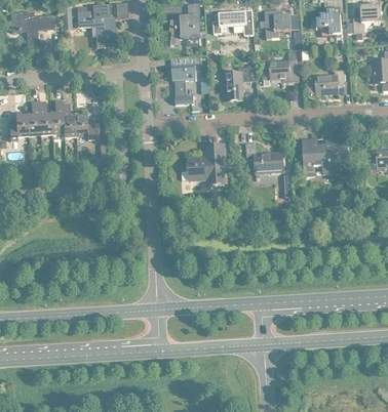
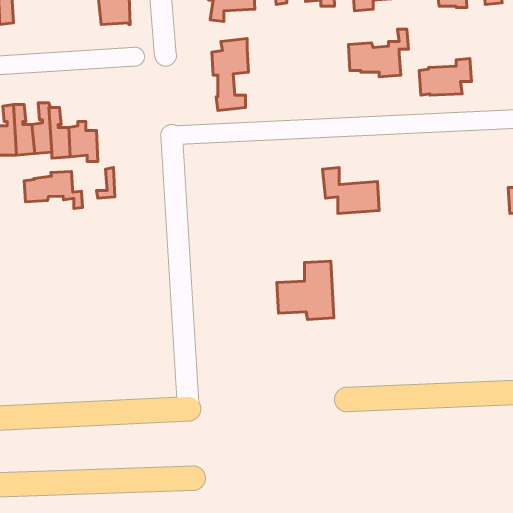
building: [225,67,249,100] -> none
building: [302,143,349,173] -> none
building: [187,145,225,183] -> [277,261,334,319]
building: none -> [24,171,82,208]

